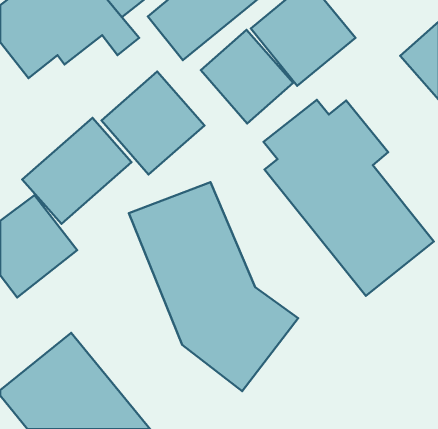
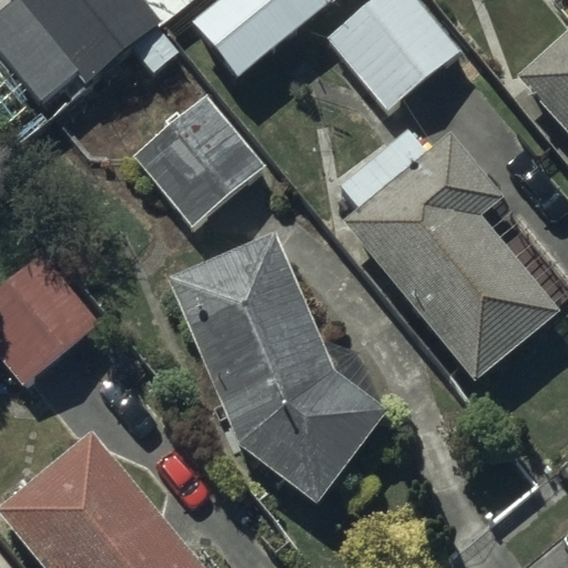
building: [201,30,293,123] -> none
building: [22,118,132,224] -> none

